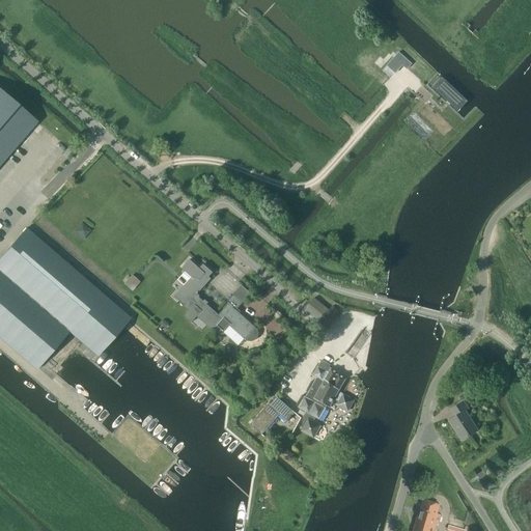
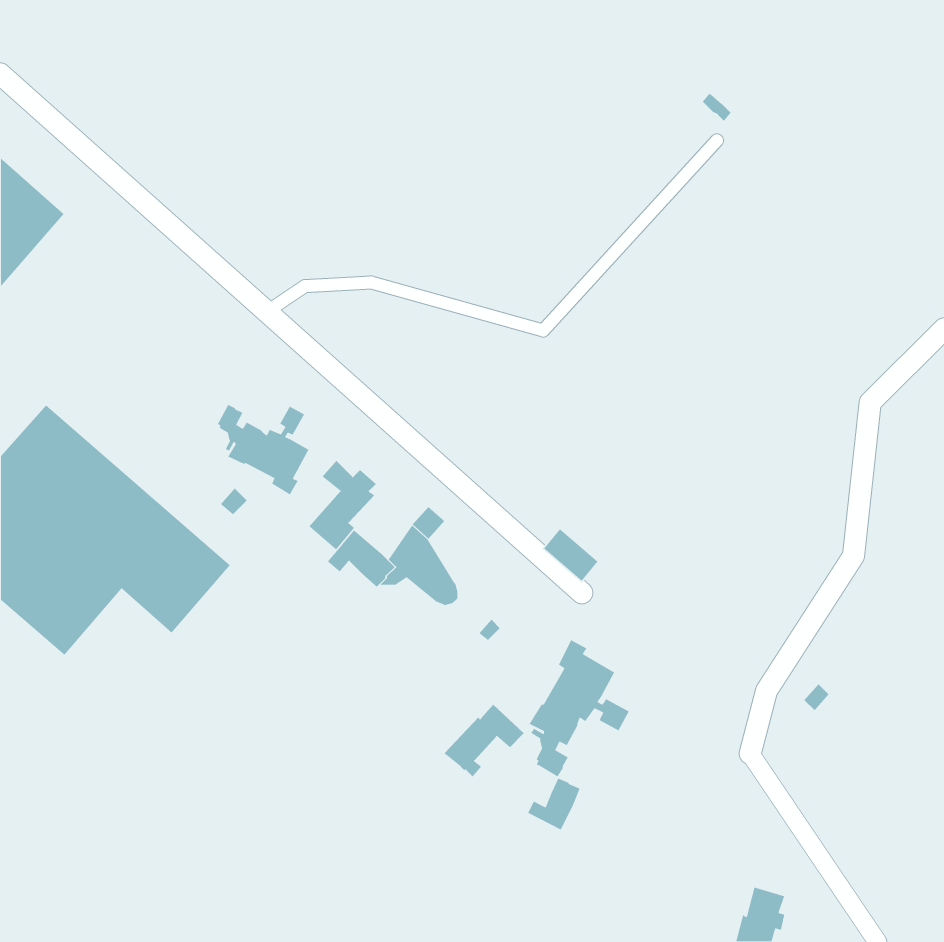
building: [429,73,474,116] -> none
building: none -> [217,404,310,496]
building: [448,400,476,439] -> none
building: none -> [527,778,581,831]

